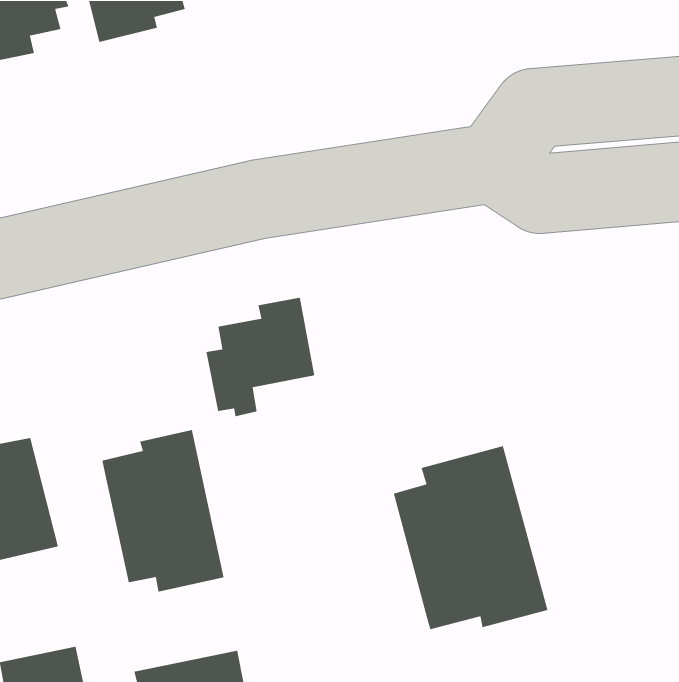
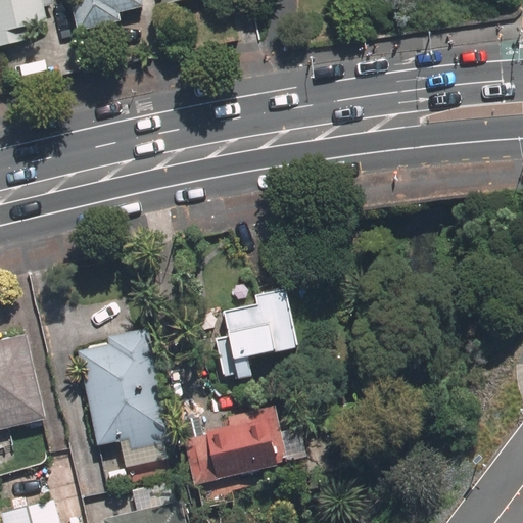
building: [206,297,315,417] -> [212,289,296,381]
building: [393,445,549,630] -> none
building: none -> [182,400,285,482]

